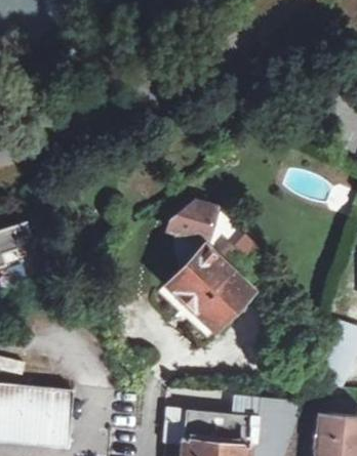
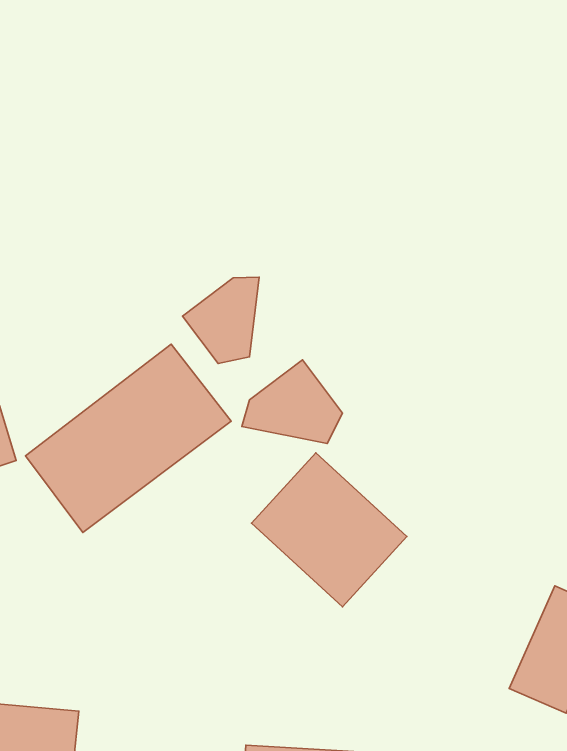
building: none -> [183,277,259,363]
building: none -> [25,344,231,532]

